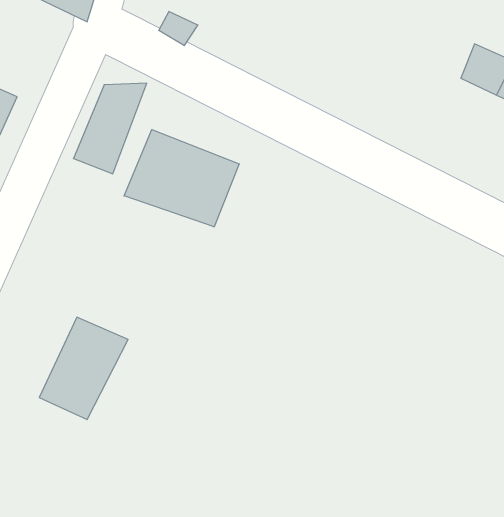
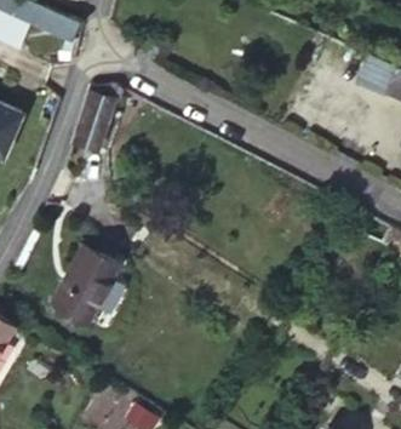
building: [124,130,239,227] -> none

